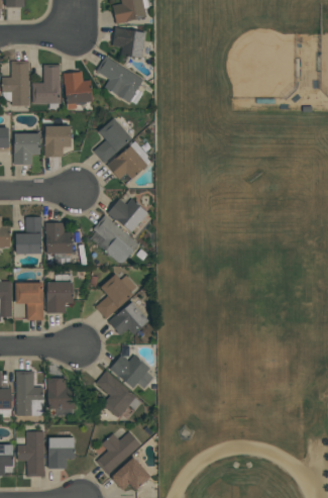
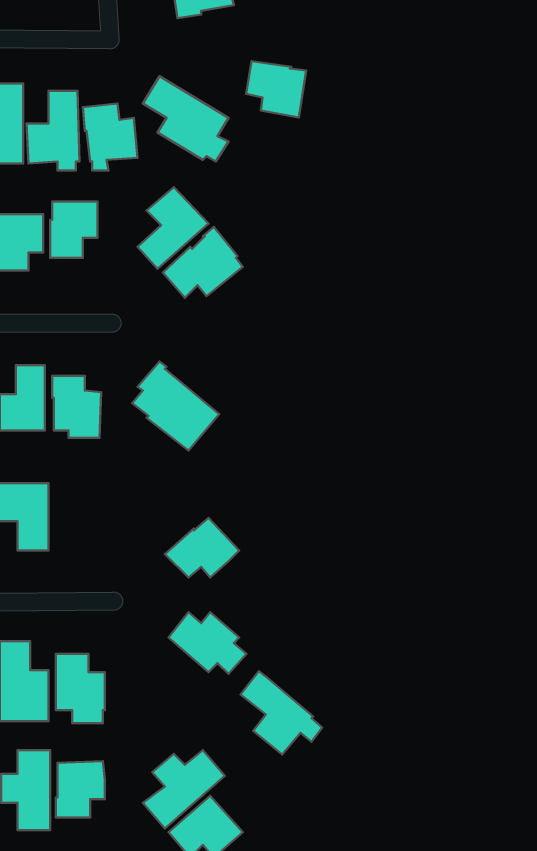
building: [112,27,145,59] -> [246,61,306,118]
building: [107,198,148,232] -> none
building: [96,274,137,319] -> none
building: [45,275,73,313] -> none
building: [96,371,141,417] -> [240,671,322,755]

